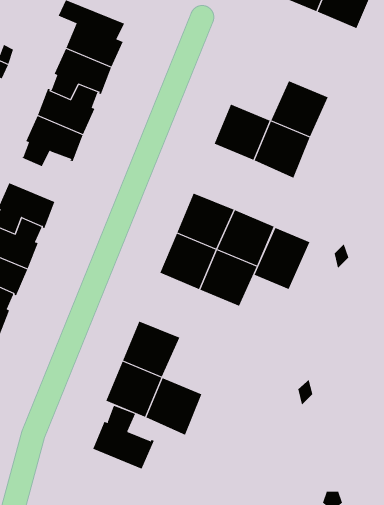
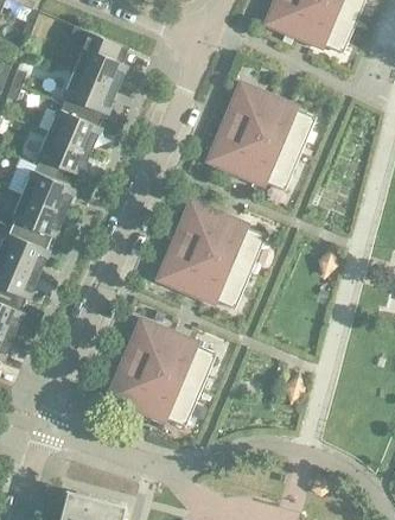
building: none -> [224,85,278,138]
building: none -> [20,166,77,213]
building: [254,227,310,290] -> none
building: none -> [161,337,215,389]
building: [93,405,154,470] -> none

